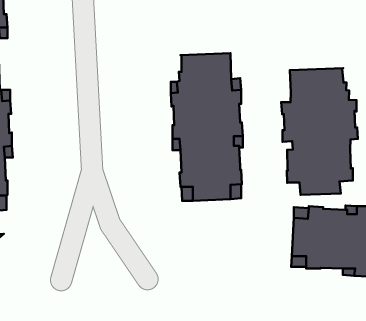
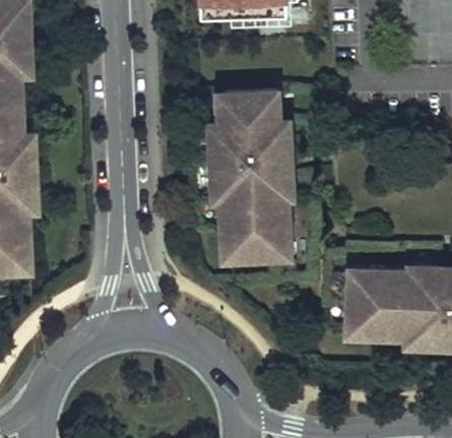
building: [281,68,358,195] -> none

